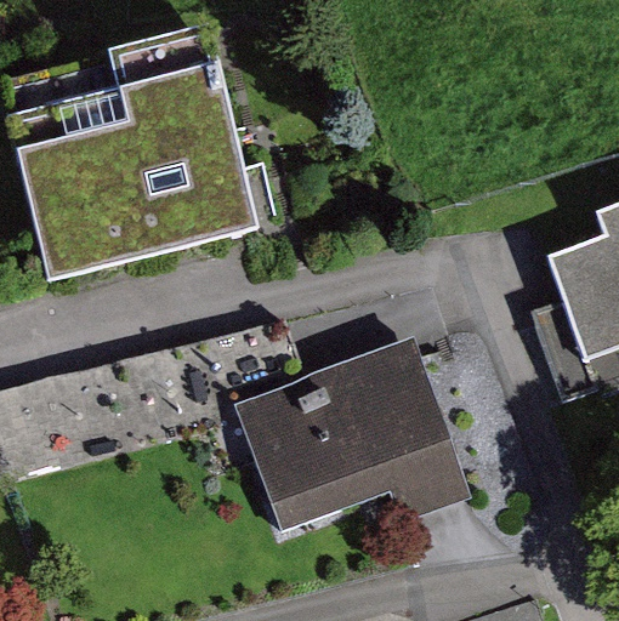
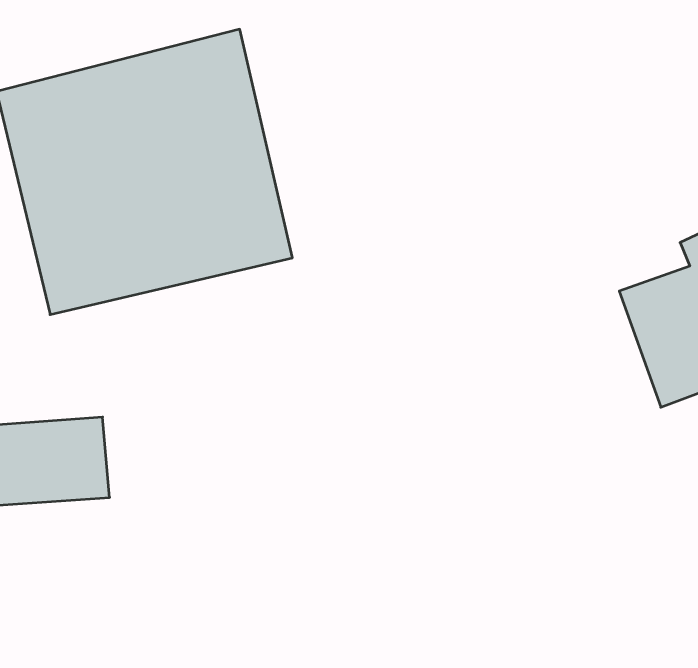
building: [235,338,471,532] -> none

